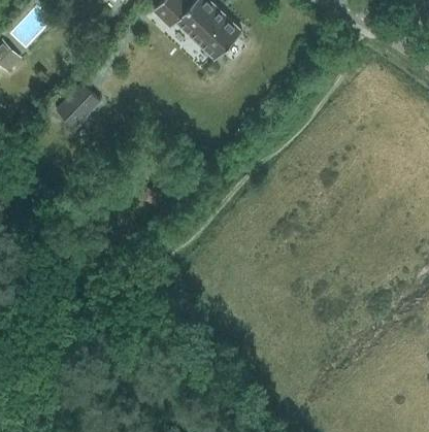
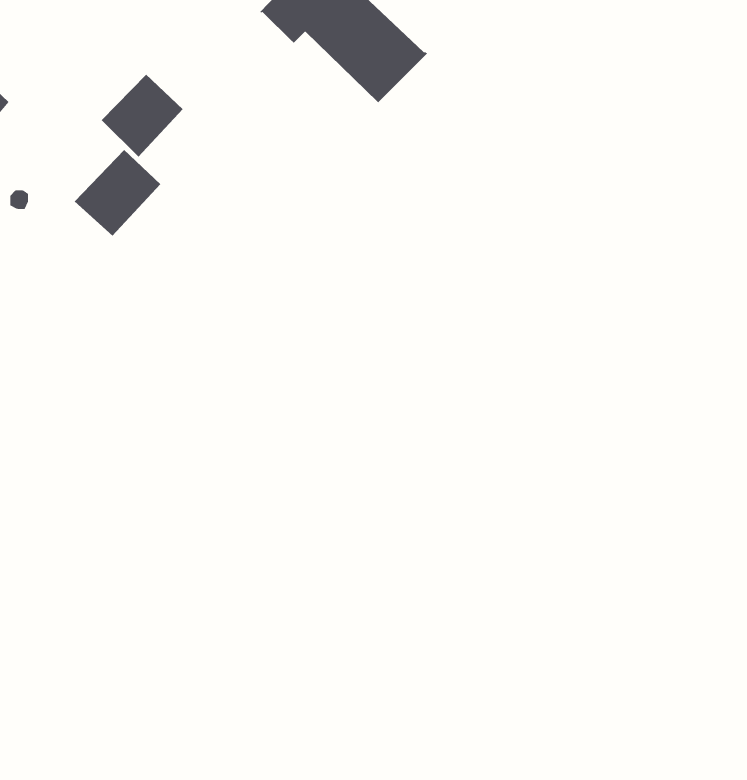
building: none -> [101,74,183,158]

